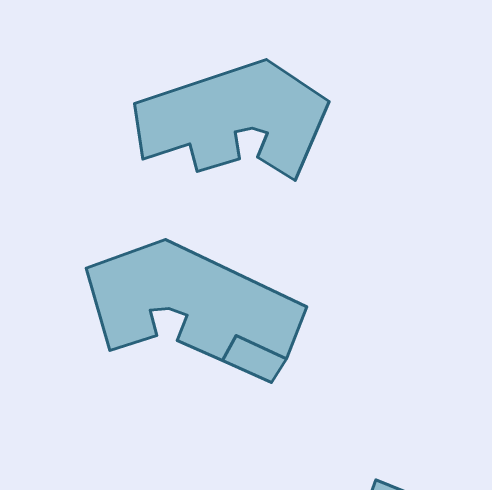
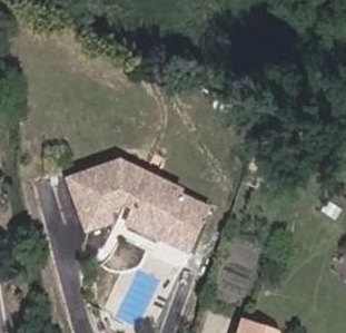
building: [134,59,329,180] -> none

